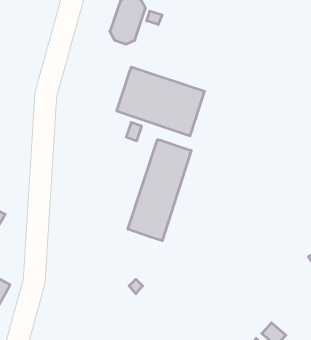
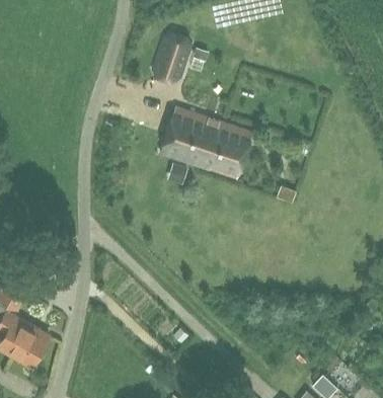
building: [128,140,191,241] -> none

